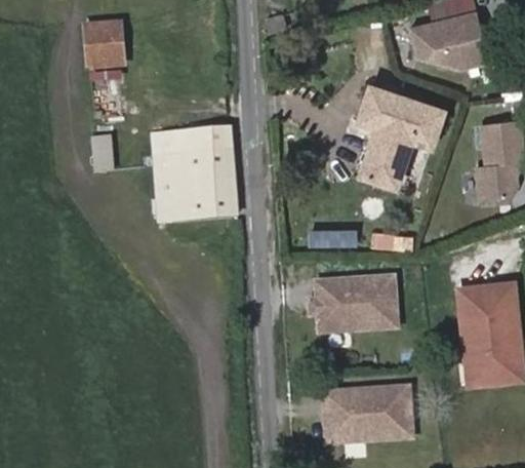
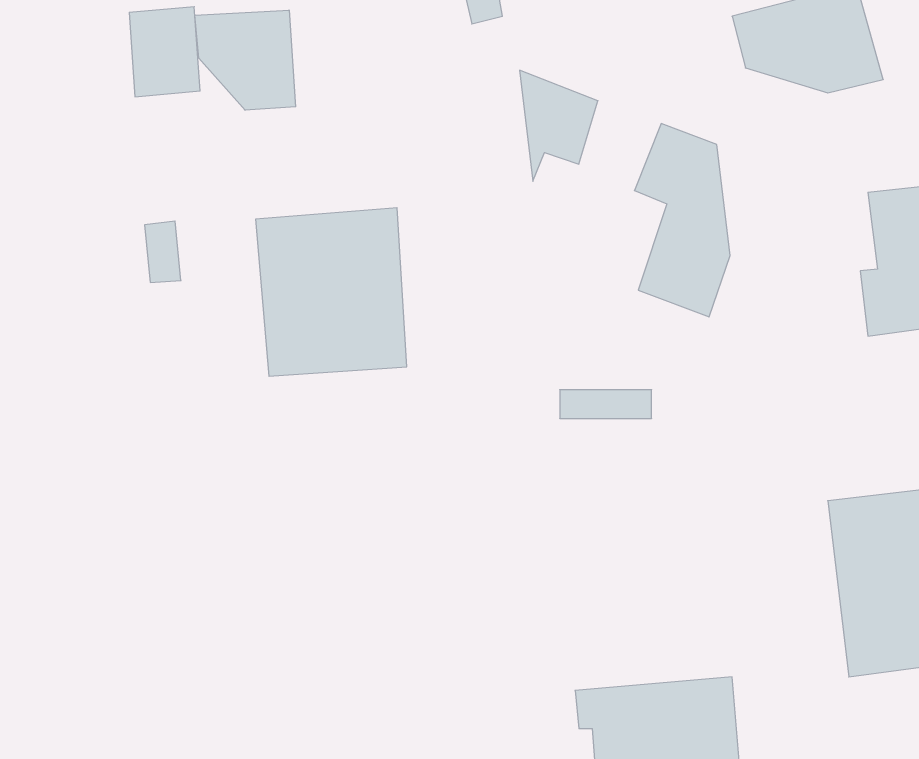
building: none -> [195,10,296,110]
building: [400,96,442,156] -> [520,70,598,181]
building: [317,278,397,332] -> none

